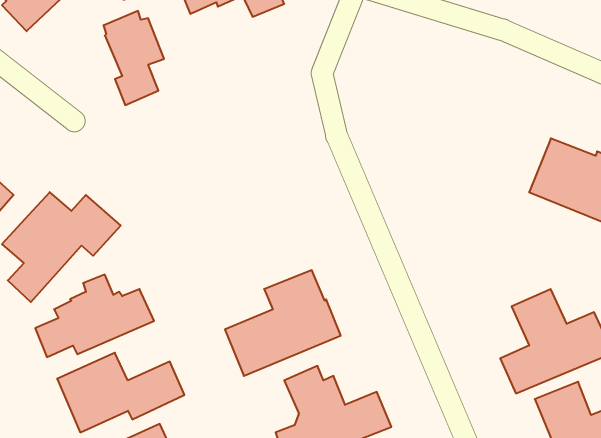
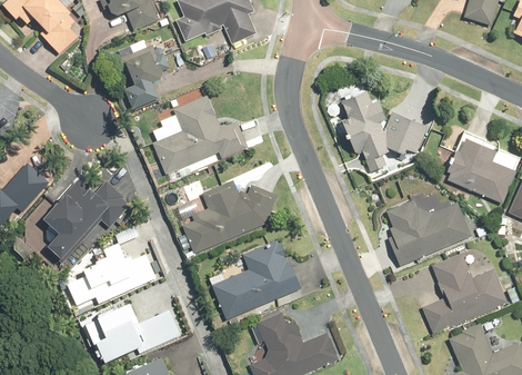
building: none -> [341,89,429,181]
building: none -> [152,95,249,174]
building: none -> [182,179,278,253]
building: none -> [385,197,472,268]

